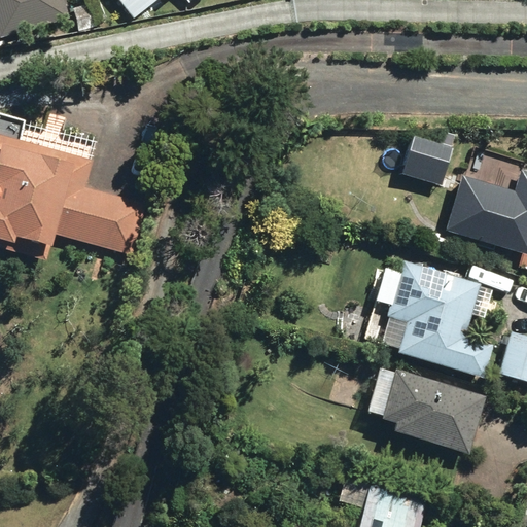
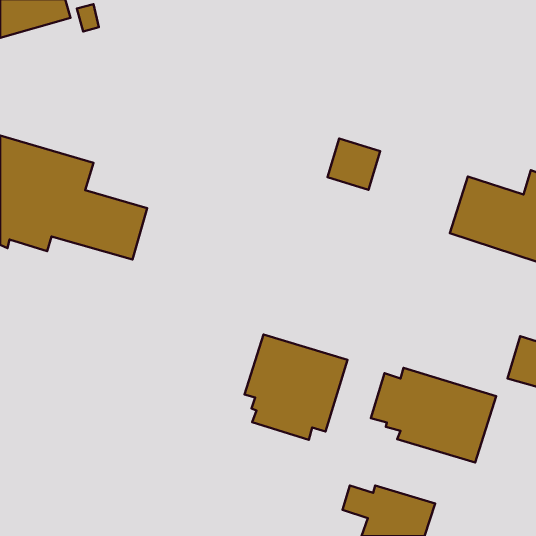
building: [399,134,451,184] -> [328,138,380,190]
building: [384,272,492,377] -> none
building: none -> [244,335,347,440]

